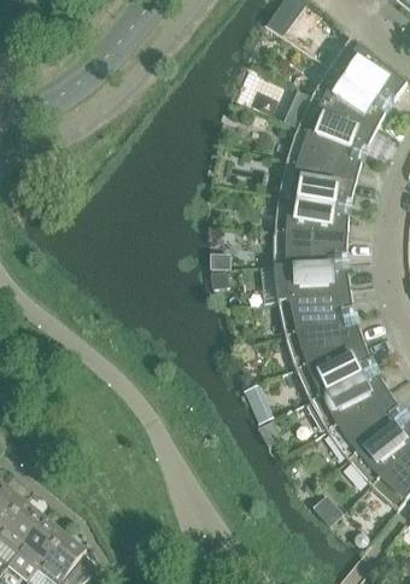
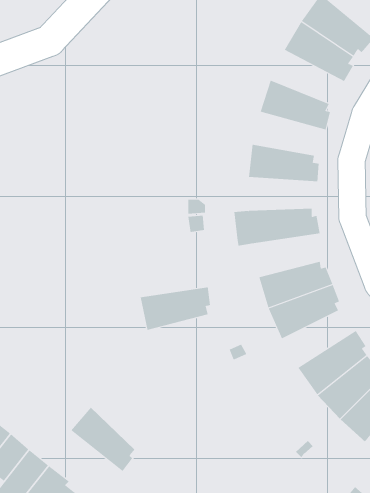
building: [283,89,376,153] -> none
building: [279,162,357,208] -> none
building: [275,230,348,265] -> none
building: [279,290,353,335] -> [140,287,211,331]
building: [308,370,388,431] -> none
building: none -> [70,407,135,472]

